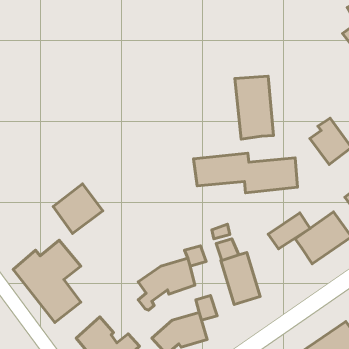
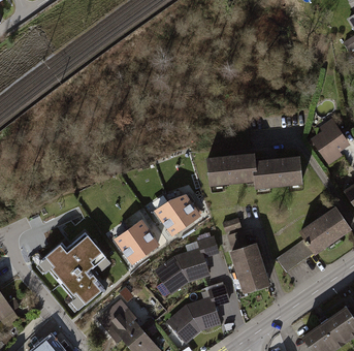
building: [235,76,274,139] -> none
building: [53,184,103,234] -> [116,219,161,264]
building: none -> [154,194,203,237]
building: [268,213,310,249] -> [278,240,316,273]

